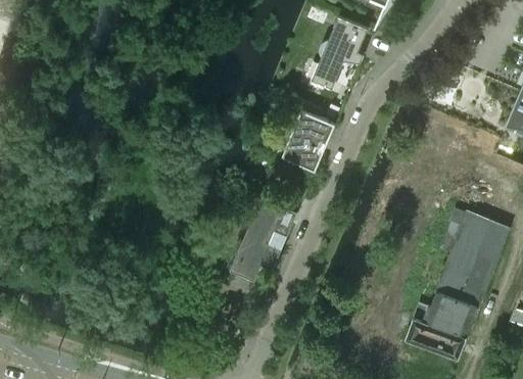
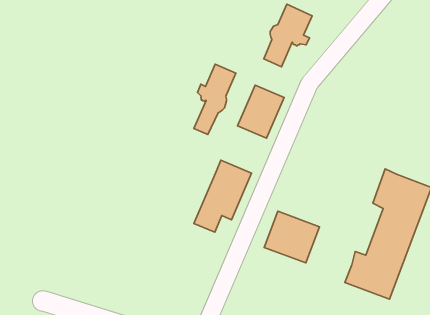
building: none -> [194,64,236,135]
building: none -> [264,211,319,263]

